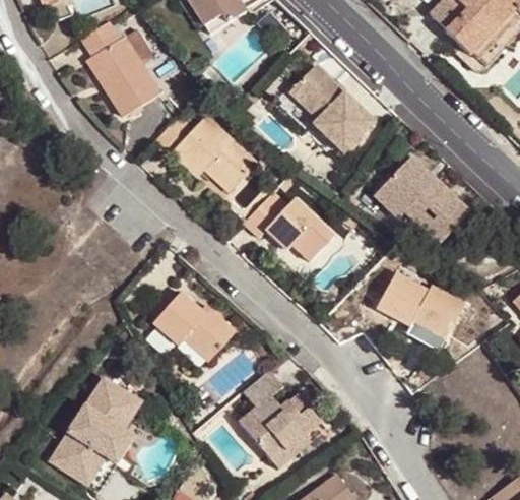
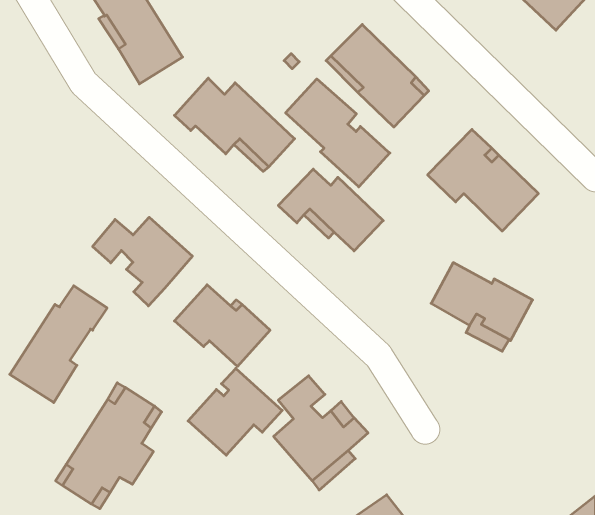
building: none -> [286,79,390,187]
building: none -> [93,217,192,306]
building: none -> [10,286,107,403]
building: none -> [188,368,282,455]

